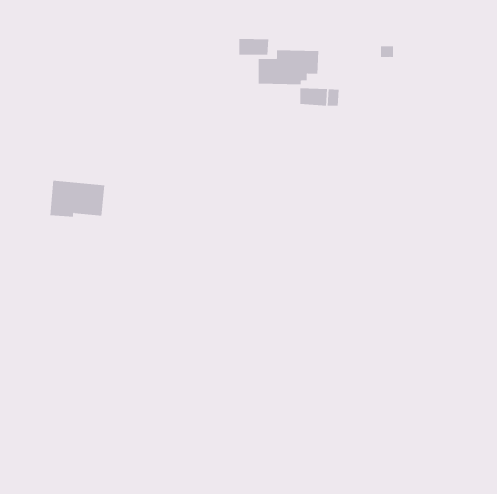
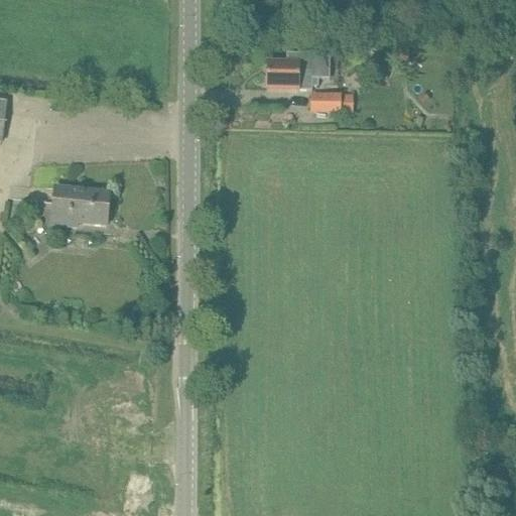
building: [239,38,269,56] -> none

